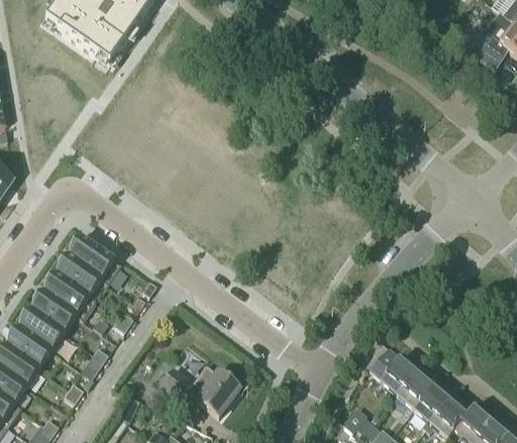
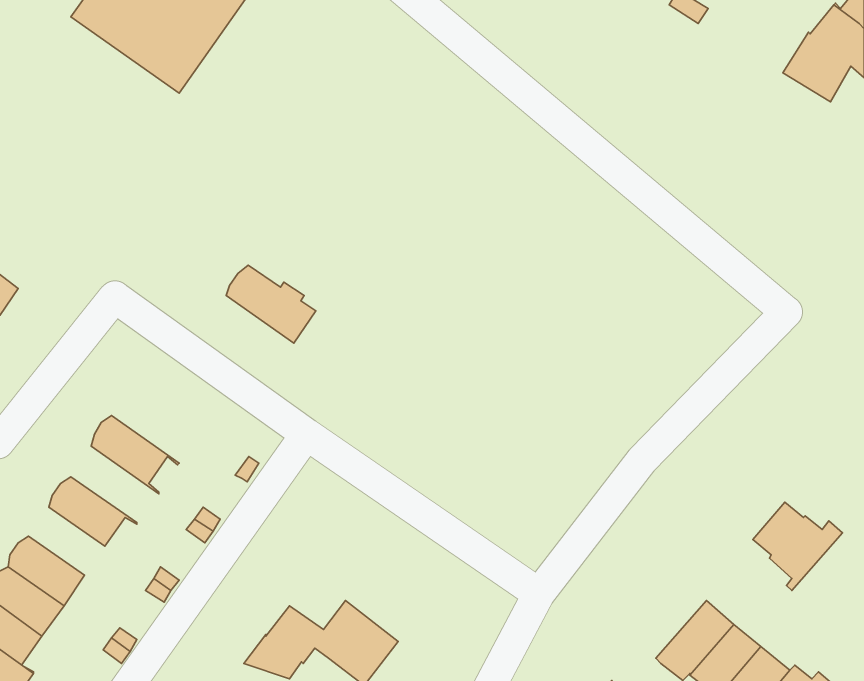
building: [68,238,121,285] -> [226,265,316,343]
building: [43,274,96,320] -> none
building: [18,311,64,351] -> none
building: [369,348,422,401] -> [753,502,843,590]

